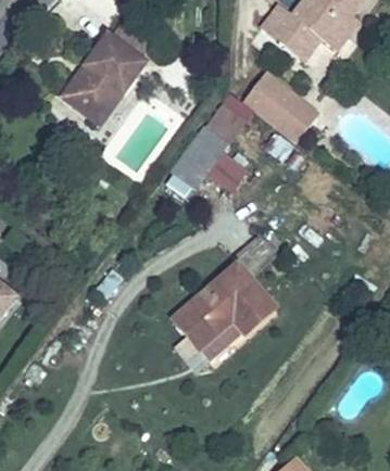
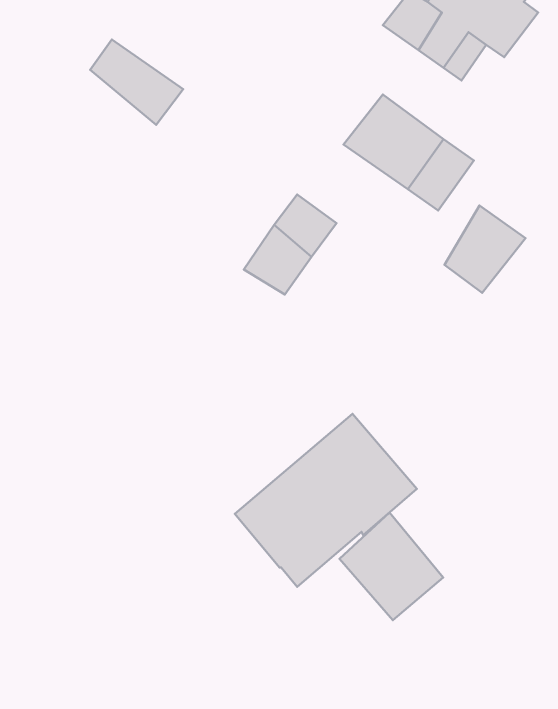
building: [55,52,125,127] -> none
building: none -> [444,205,526,293]
building: none -> [340,512,443,620]

